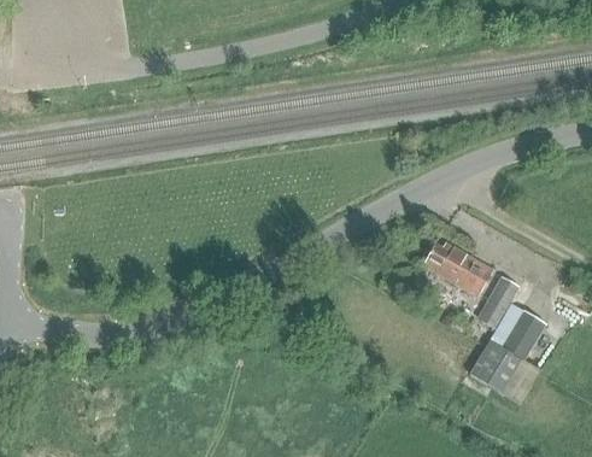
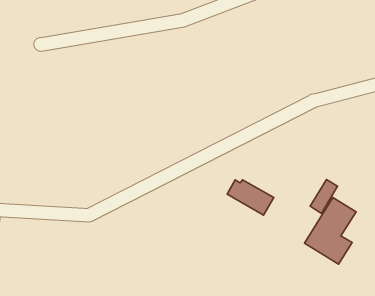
building: [423,242,493,295] -> [227,180,274,215]

